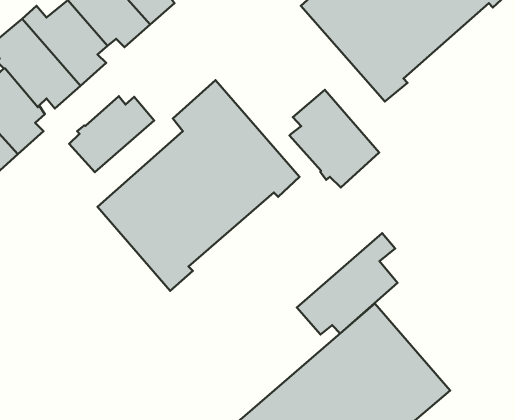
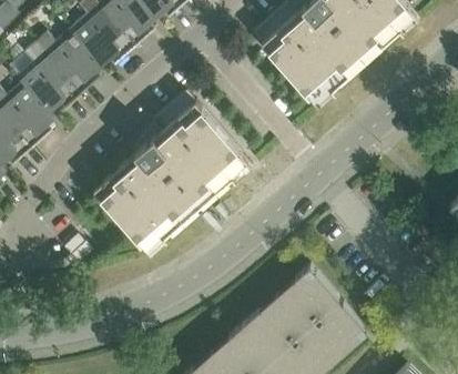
building: [289,90,379,188] -> none
building: [69,96,154,172] -> none
building: [297,233,397,334] -> none

